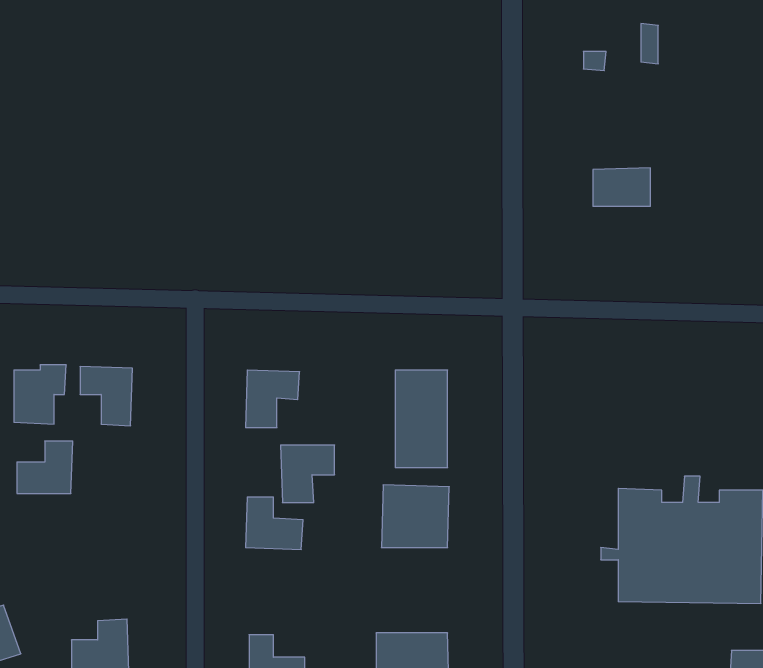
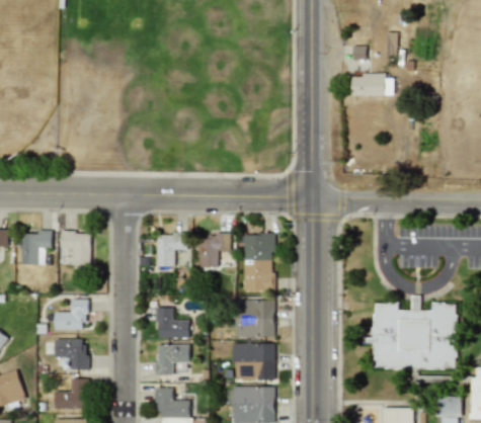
building: [593,168,650,206] -> [351,74,385,96]
building: [17,441,73,493] -> [54,300,86,330]
building: [281,445,335,503] -> [198,234,230,267]
building: none -> [54,339,86,369]
building: none -> [233,343,274,380]
building: none -> [156,344,189,375]

